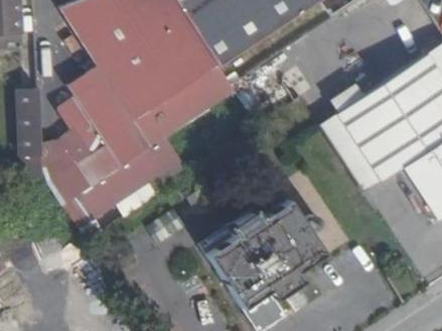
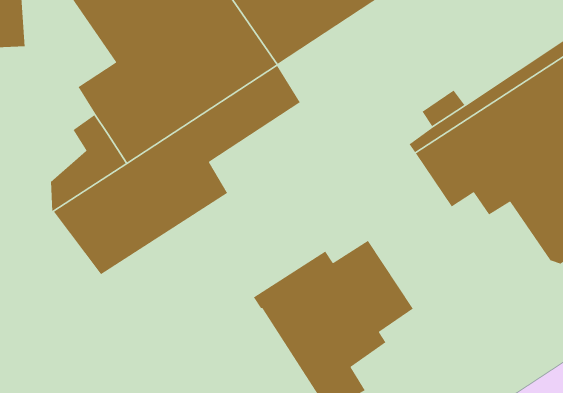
building: [18,90,43,154] -> none

